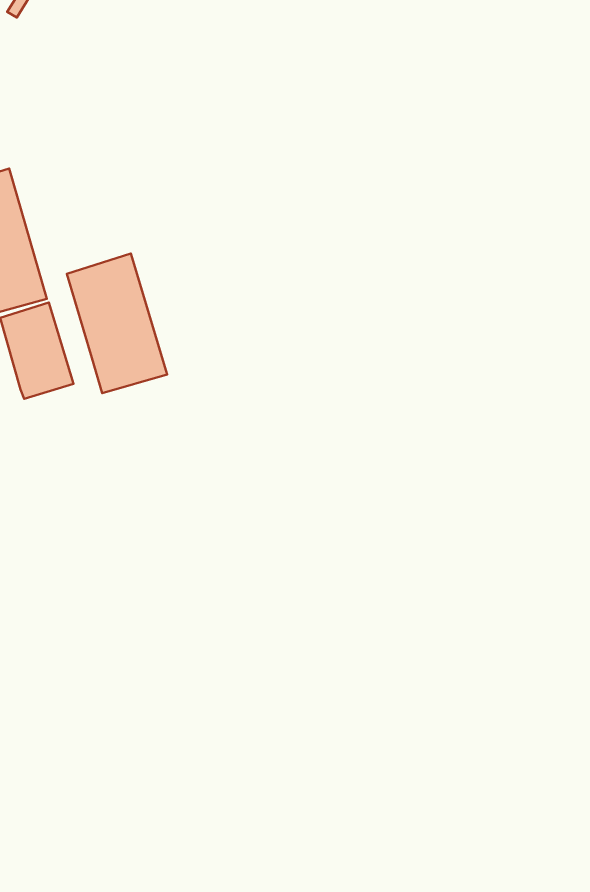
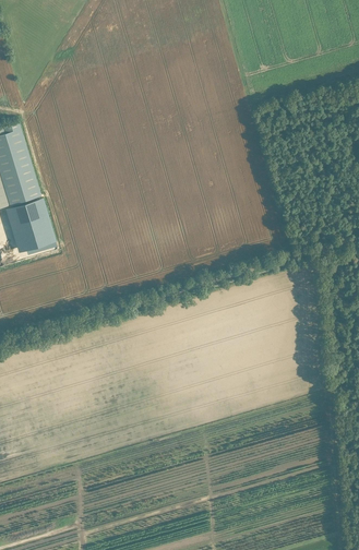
building: [67,254,167,393] -> none

